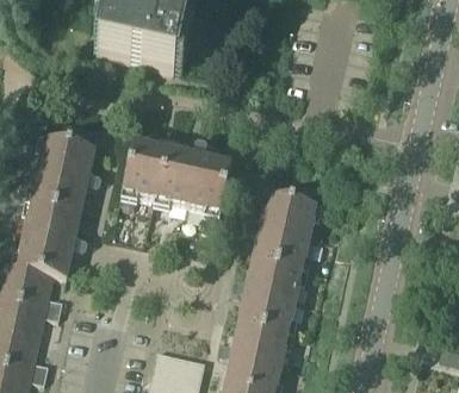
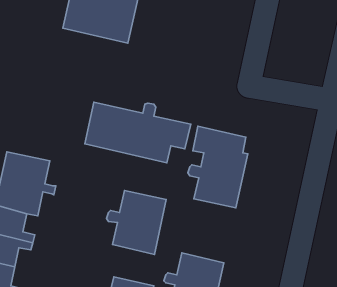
building: [30,123,101,213] -> none
building: [231,258,303,335] -> [106,191,166,255]

